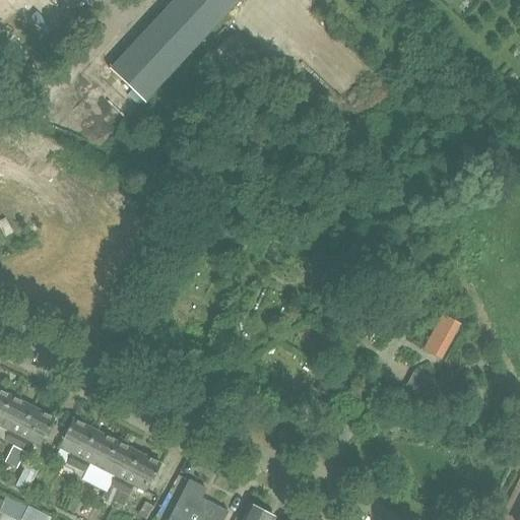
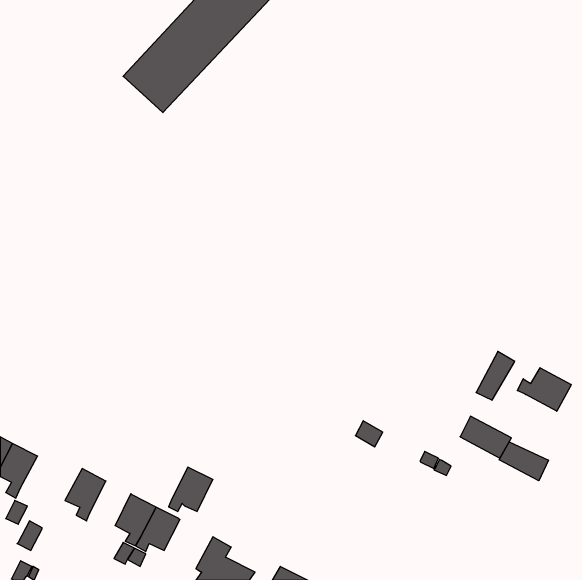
building: none -> [517,368,571,411]
building: none -> [499,442,548,481]
building: [14,407,55,449] -> none
building: [77,430,117,469] -> [169,467,213,511]

